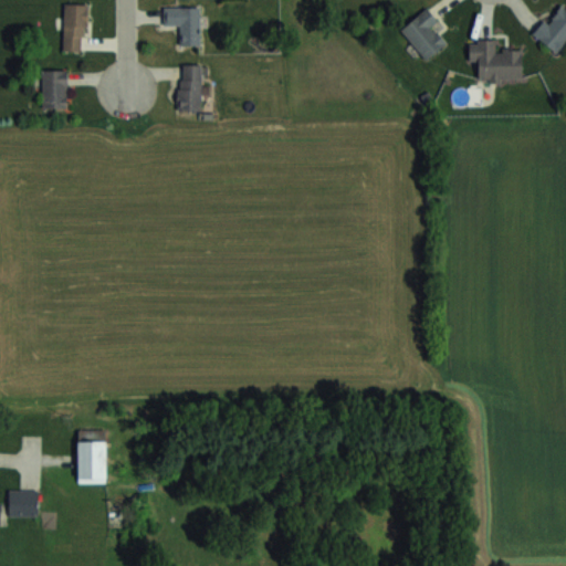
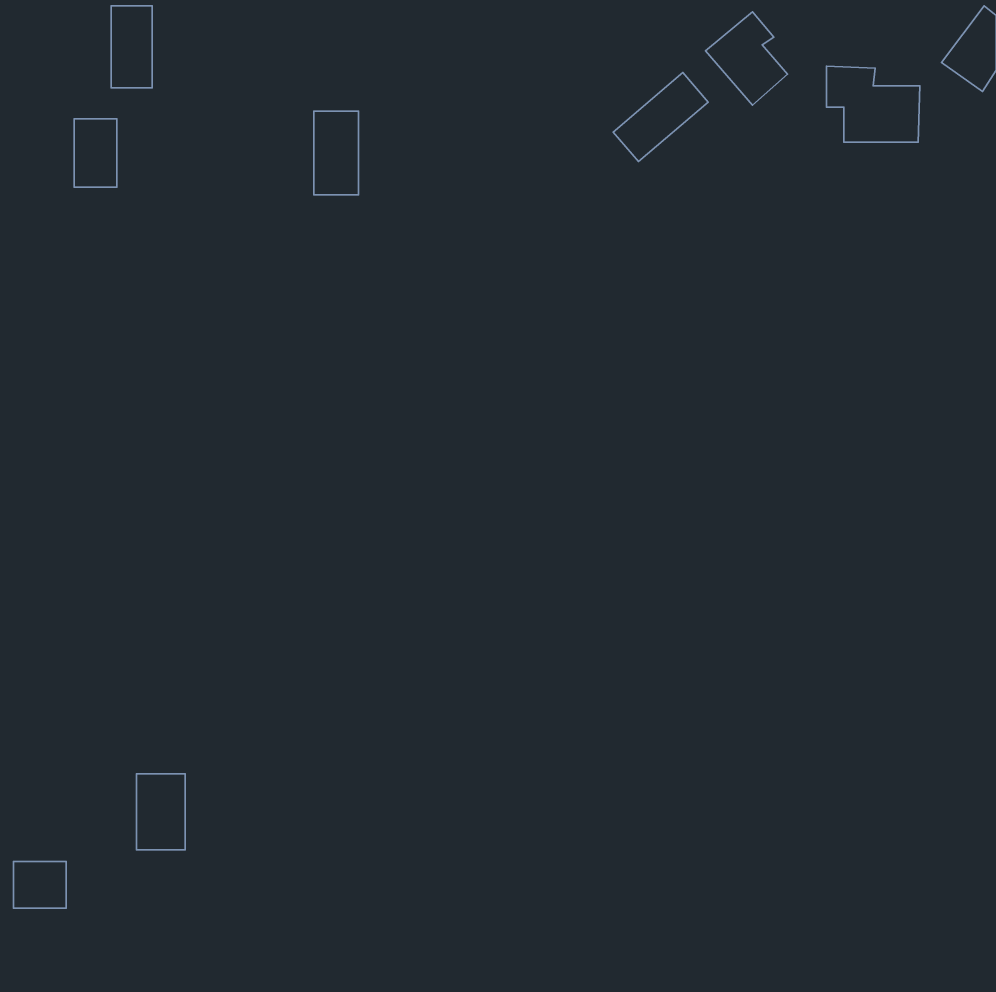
building: [164,8,200,46] -> none
building: none -> [613,72,708,162]

